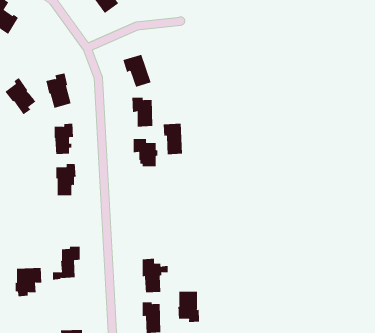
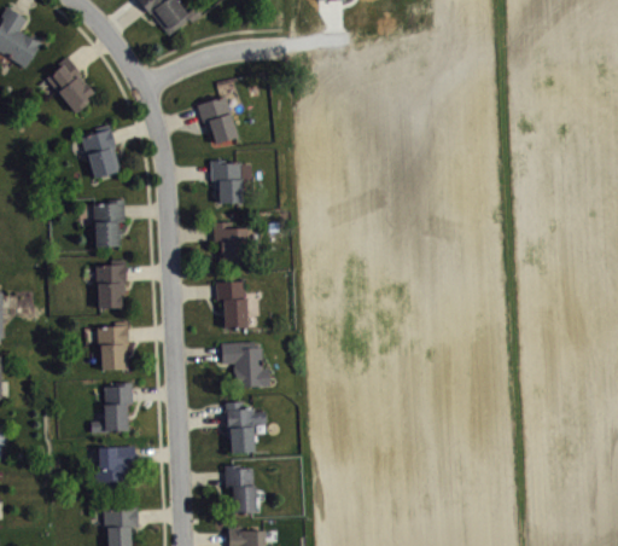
building: [5,77,36,115] -> [47,56,94,112]
building: [163,123,183,155] -> [217,283,247,330]
building: none -> [98,321,128,370]
building: none -> [221,342,270,387]
building: [15,268,42,297] -> [97,447,138,490]
building: [178,291,199,323] -> none

